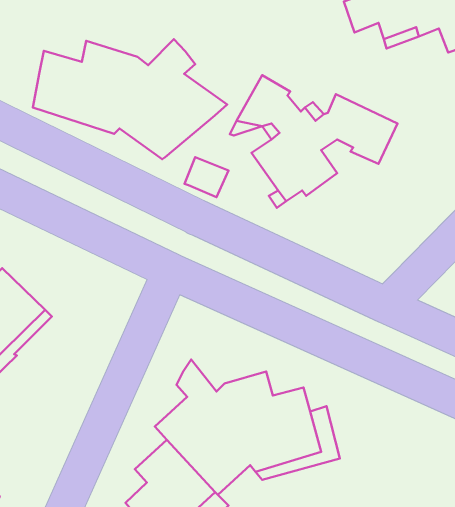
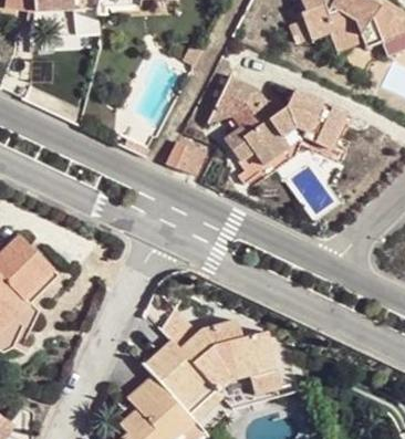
building: [33,39,227,159] -> none

